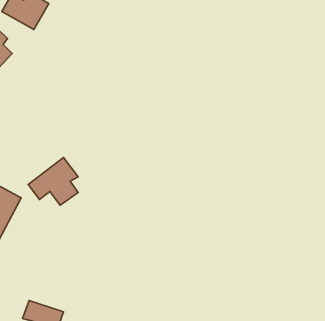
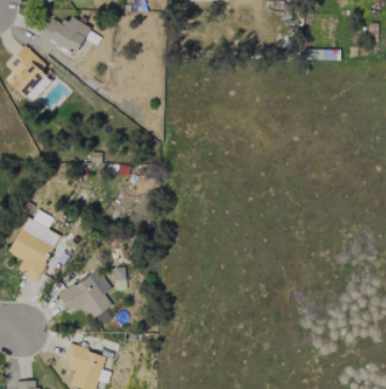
building: [28,157,78,205] -> [58,268,112,319]

